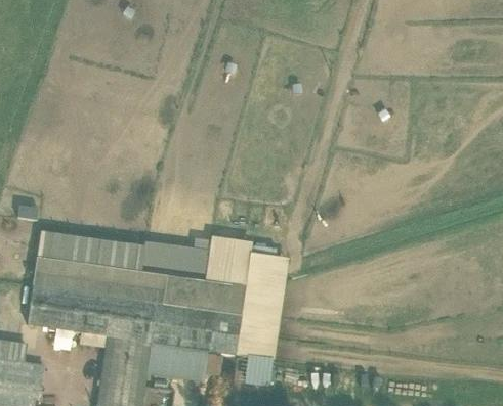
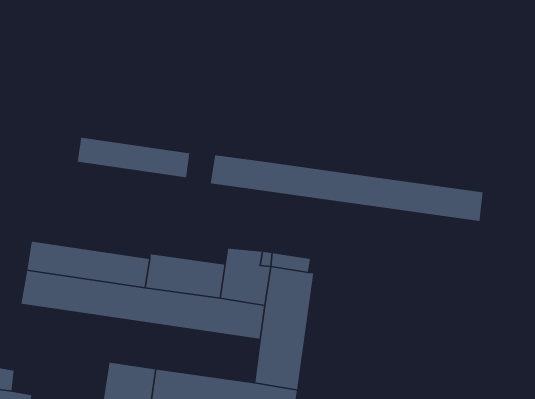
building: none -> [77,137,190,178]
building: none -> [210,154,483,222]
building: [26,285,240,354] -> none

